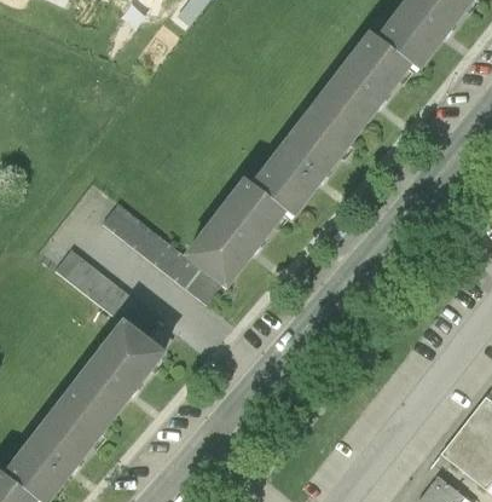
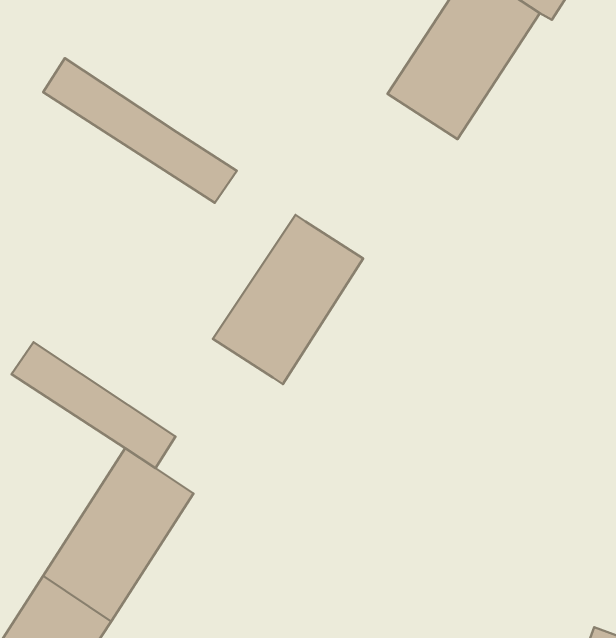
building: [249,108,351,218] -> none
building: [100,202,220,302] -> [43,58,237,203]

